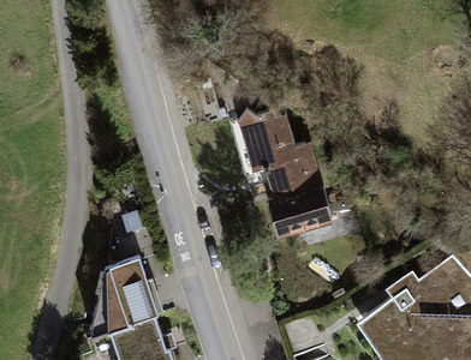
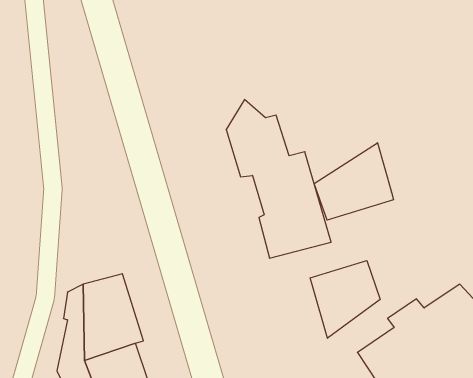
building: none -> [314,143,394,220]
building: none -> [310,261,380,338]

